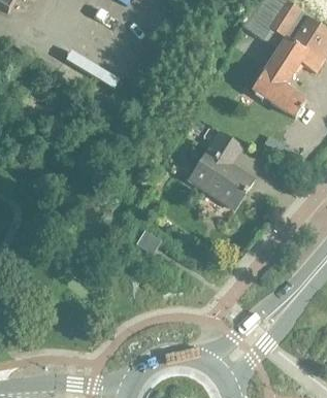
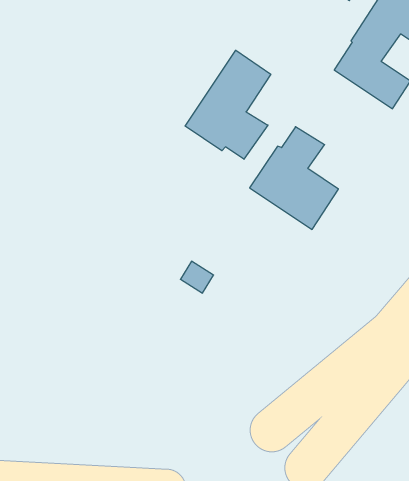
building: none -> [185,50,271,159]

